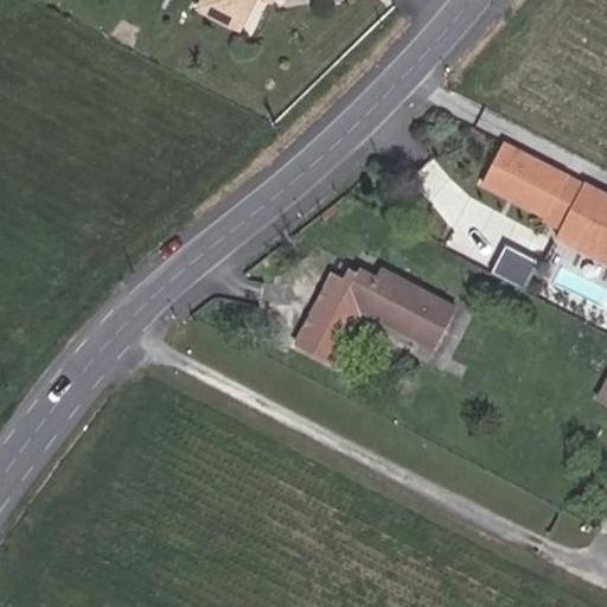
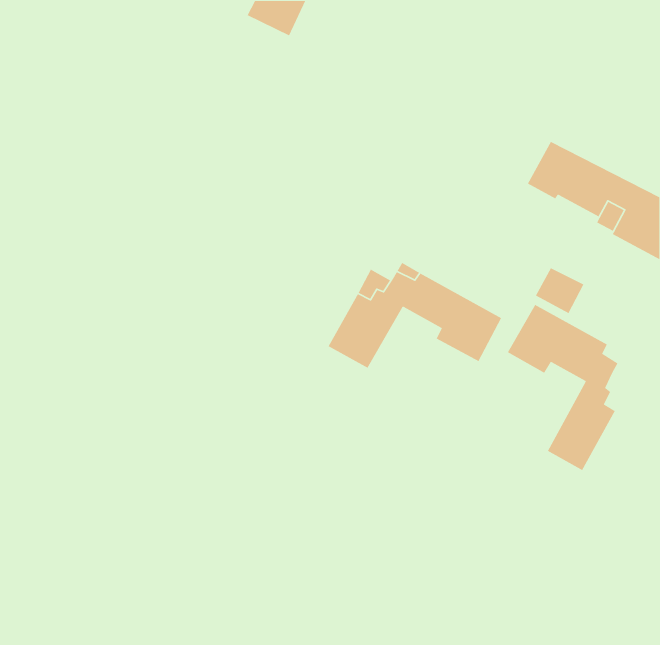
building: none -> [507,304,619,471]

